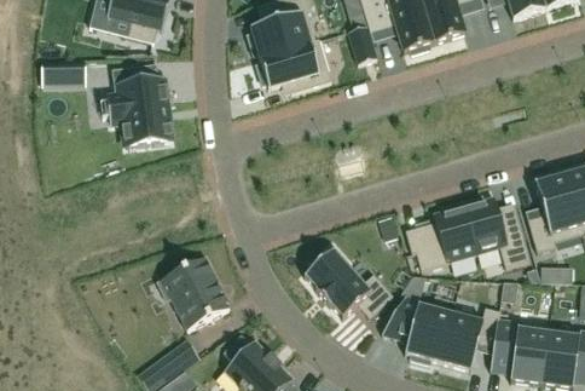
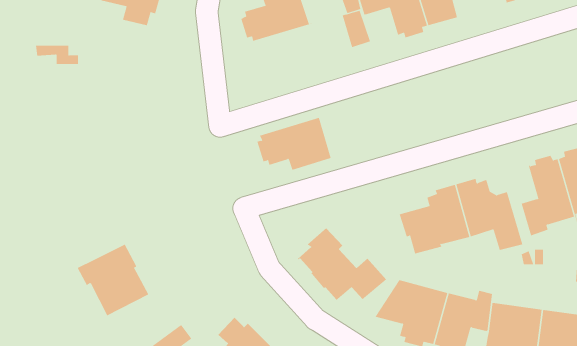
building: [256,40,331,93] -> [257,117,332,170]
building: [106,64,172,146] -> none
building: [157,258,230,330] -> [77,244,149,316]

